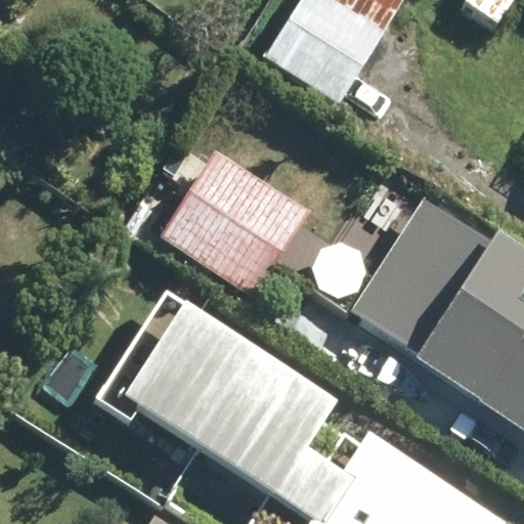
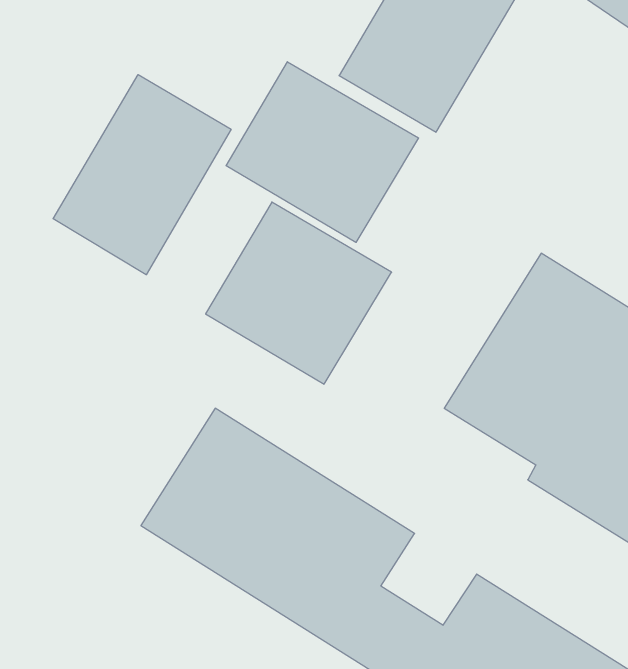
building: none -> [226,62,419,242]
building: none -> [53,75,231,275]

